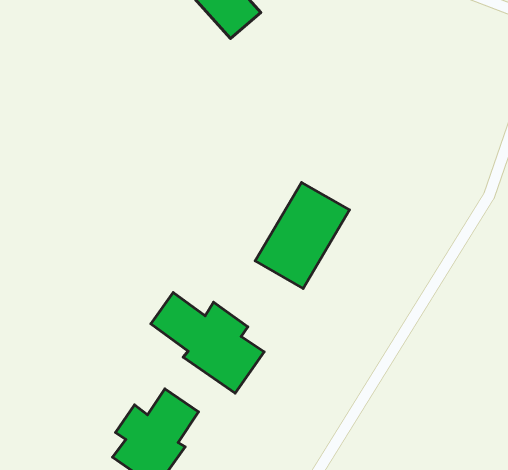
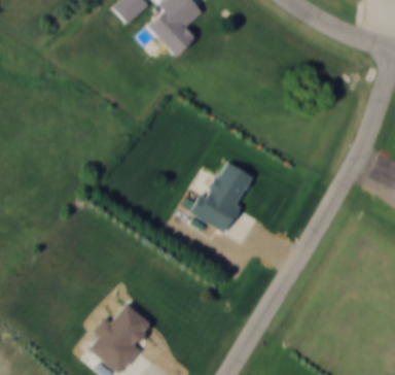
building: [151,292,264,393] -> none

